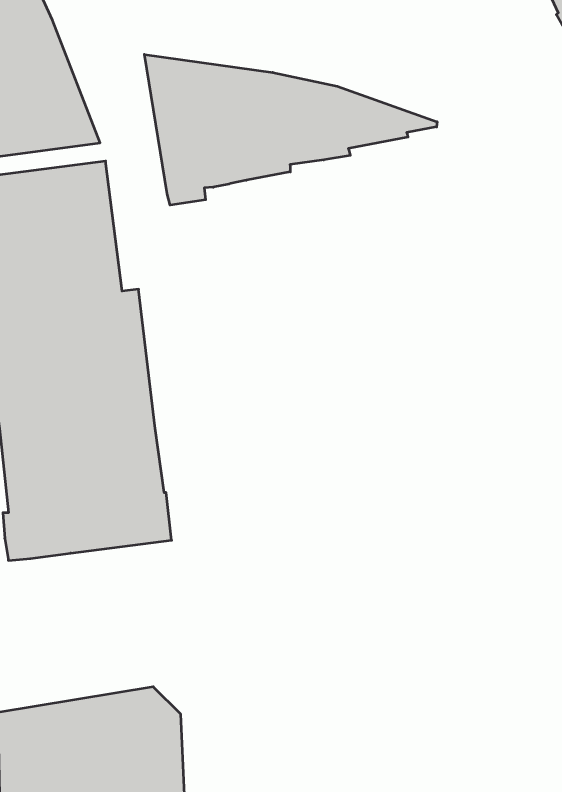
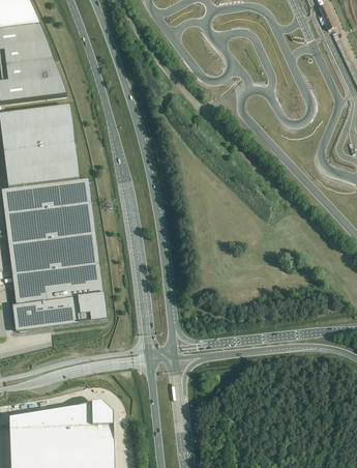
building: [144,54,437,205] -> none

